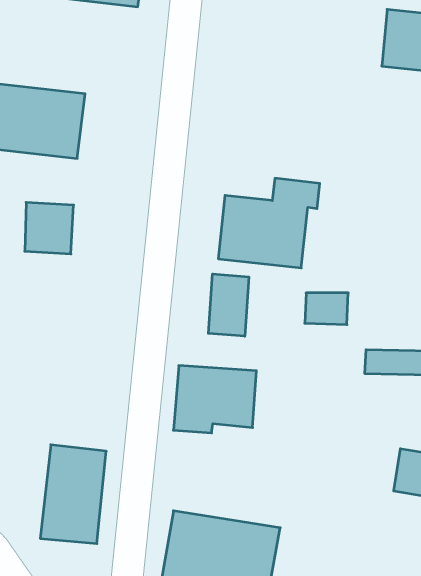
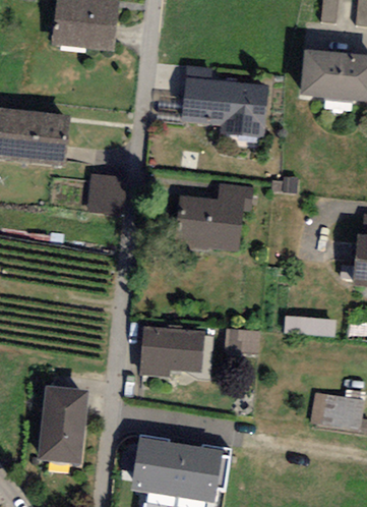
building: none -> [179,63,265,134]
building: [25,202,74,254] -> [90,172,128,212]
building: [208,274,249,336] -> none
building: [305,293,348,325] -> [228,326,261,350]

